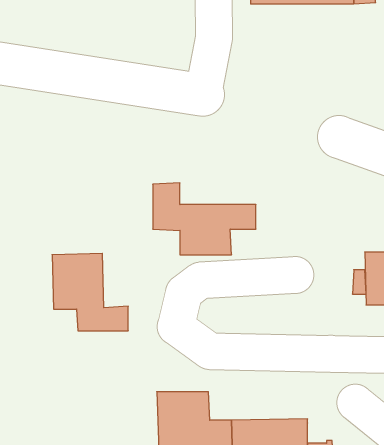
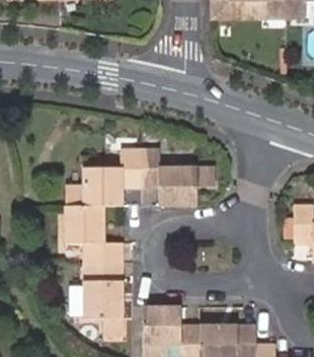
building: none -> [64,152,139,205]
building: none -> [83,262,123,338]

